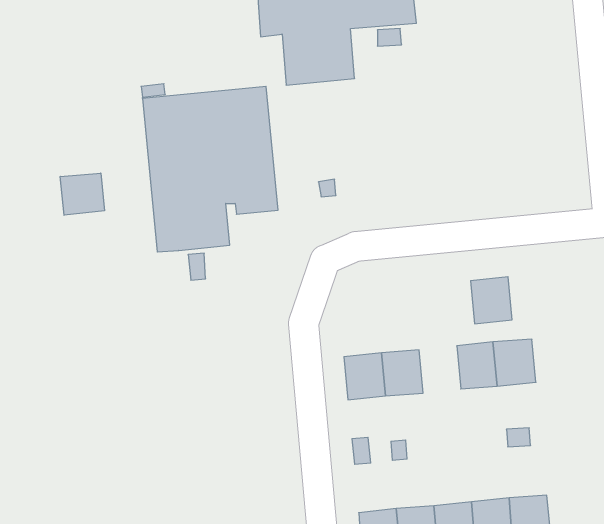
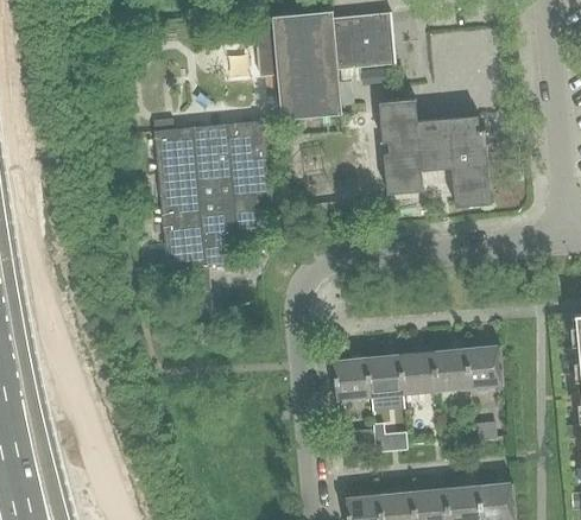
building: none -> [379,99,492,207]
building: [60,173,104,215] -> none
building: [471,277,512,324] -> [399,350,436,392]

